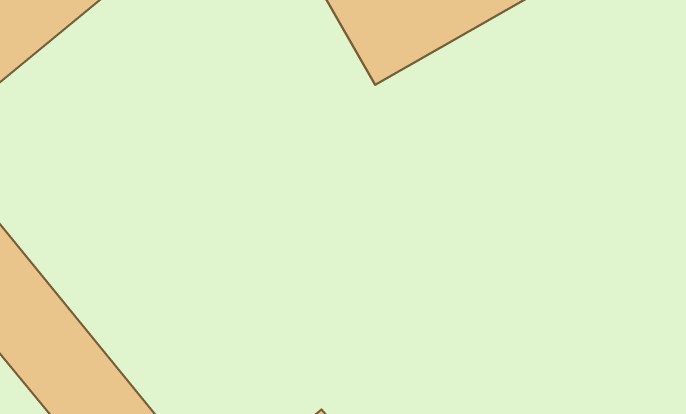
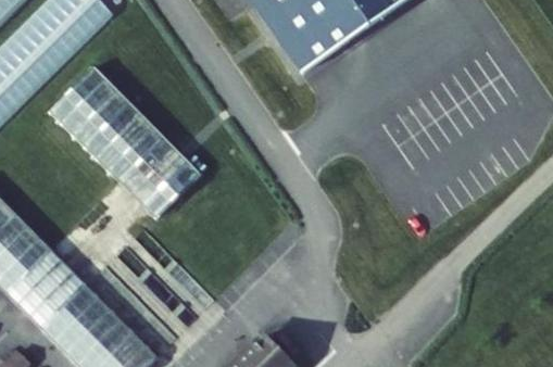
building: none -> [55,61,203,208]

